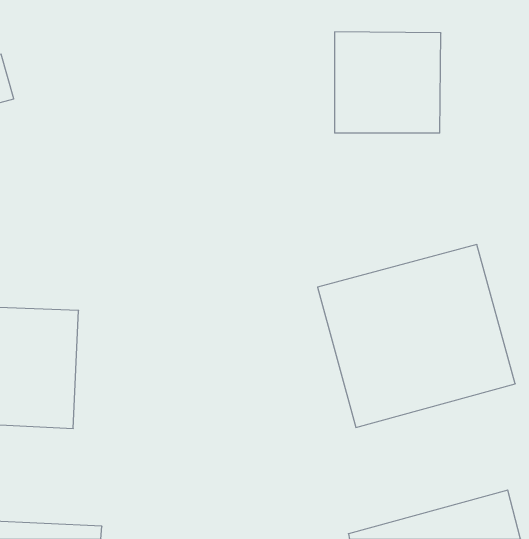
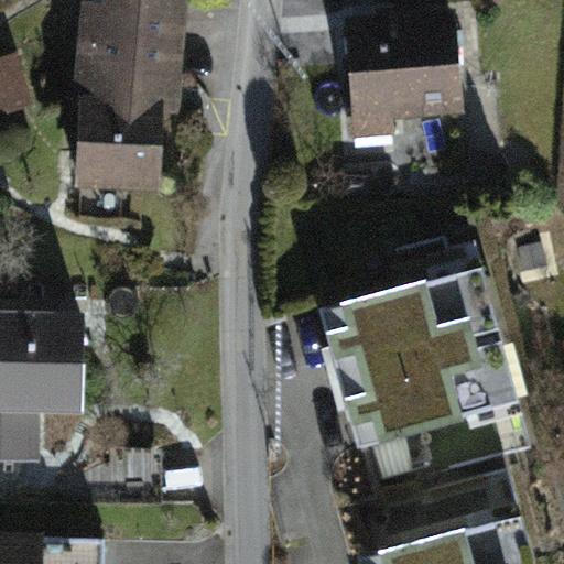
building: none -> [65,9,186,203]

